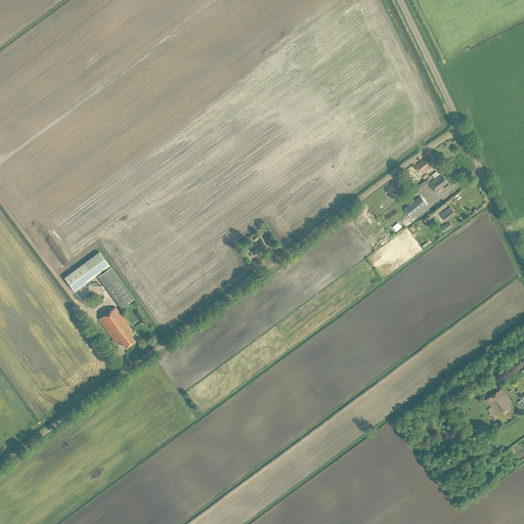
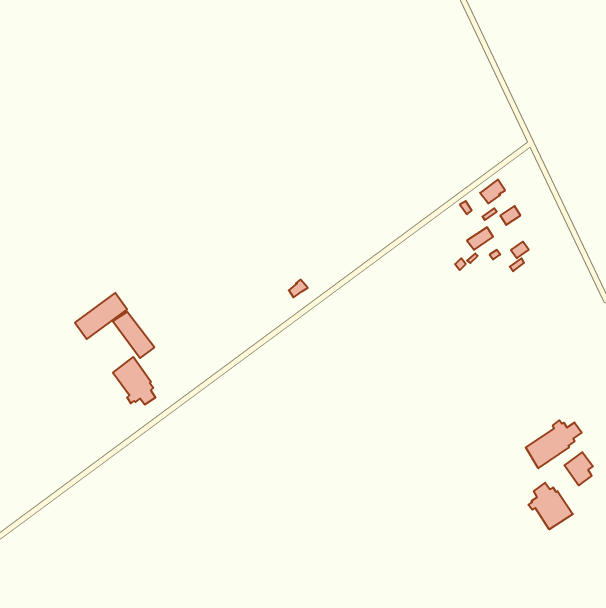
building: none -> [526,420,582,468]
building: none -> [528,483,573,529]

